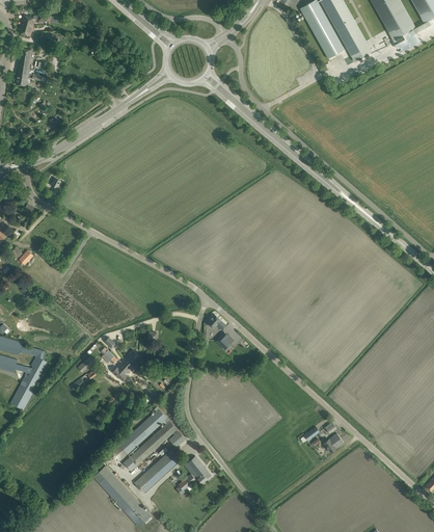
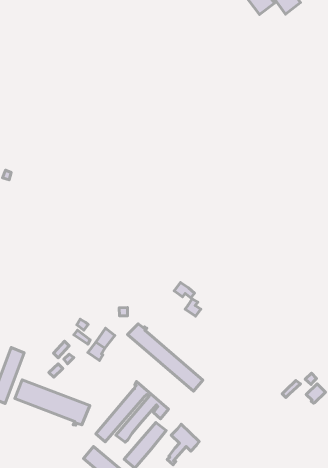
building: none -> [127,324,203,391]
building: none -> [15,380,90,425]

